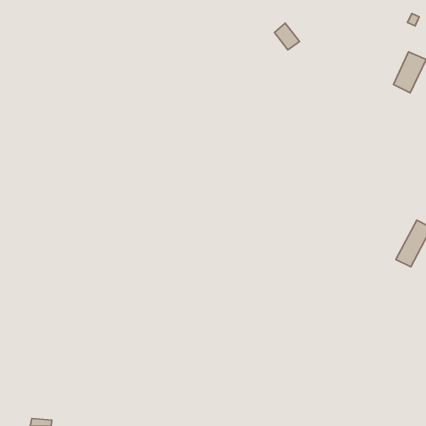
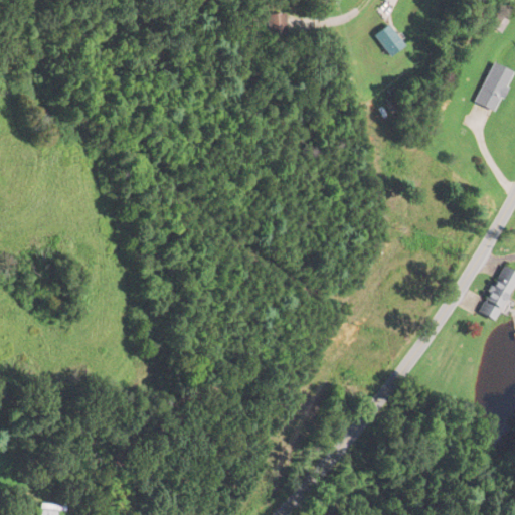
building: none -> [269,11,286,34]
building: [274,23,299,50] -> [375,23,405,55]

